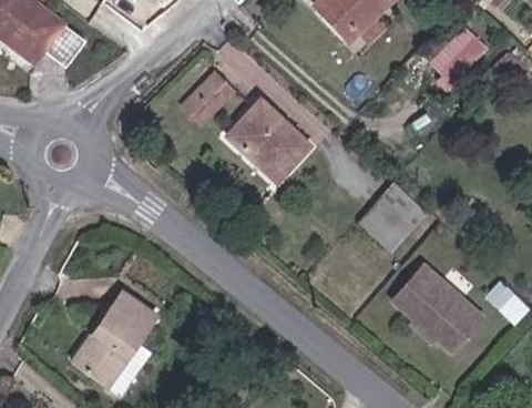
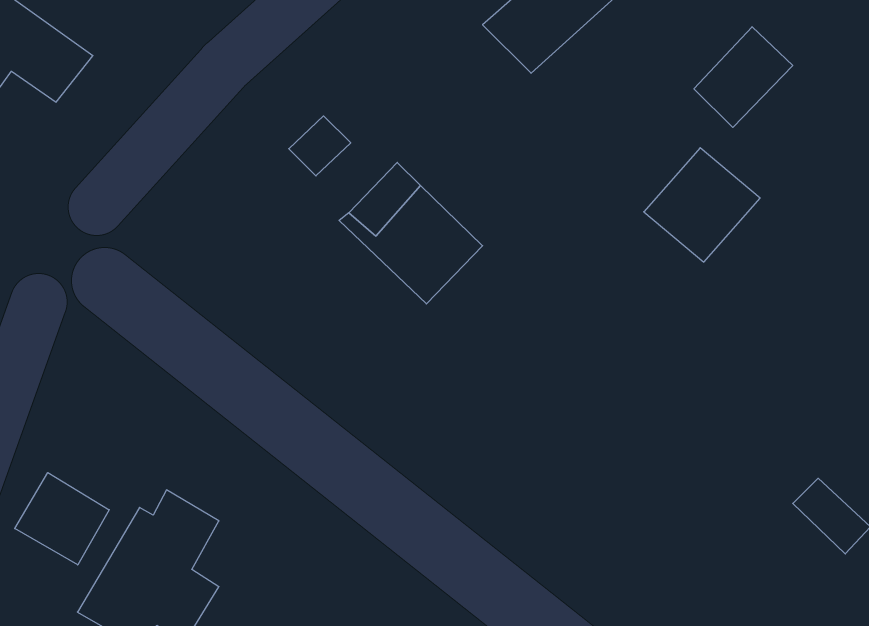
building: [361,185,428,251] -> [644,148,760,262]
building: [398,266,487,351] -> none
building: none -> [15,473,109,565]

